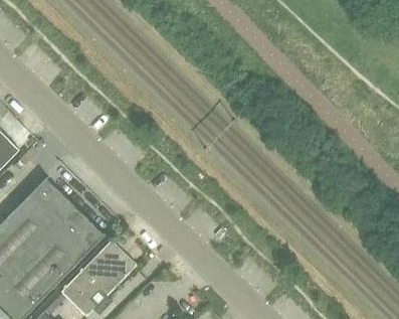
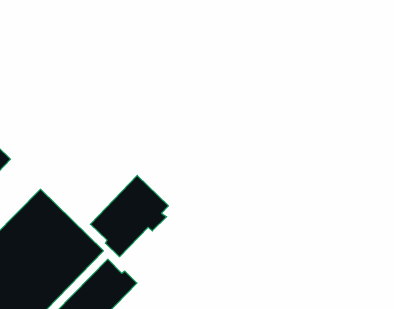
building: none -> [90,175,168,257]

